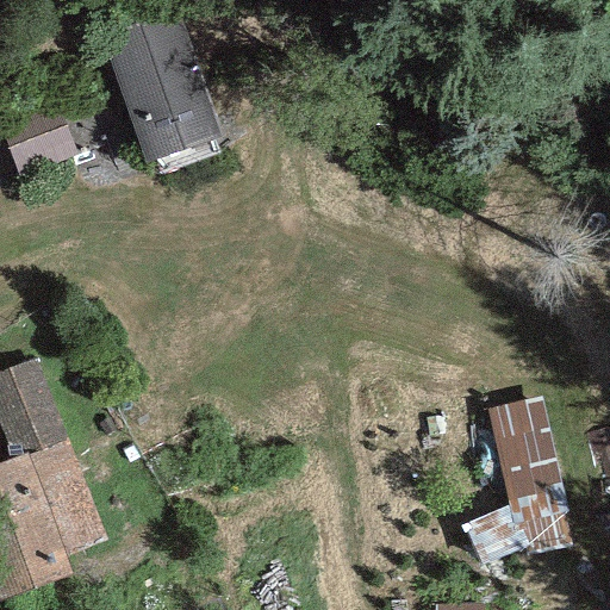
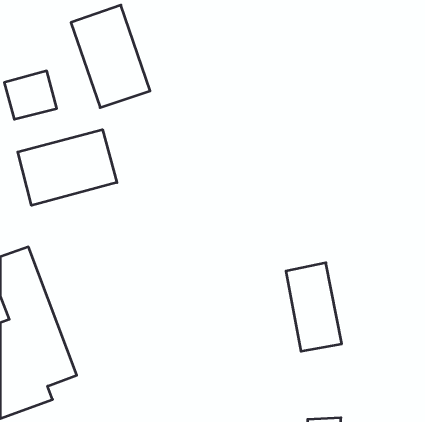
building: none -> [18,130,117,205]
building: [486,400,566,527] -> [286,263,342,351]

